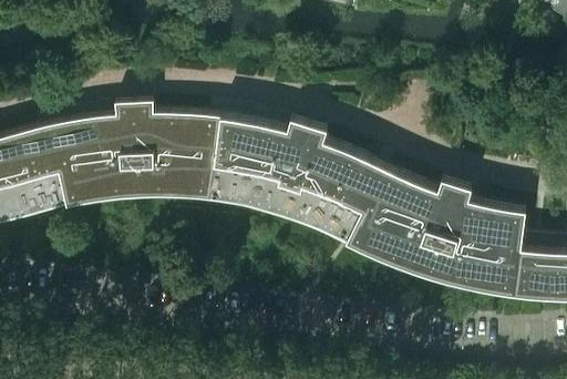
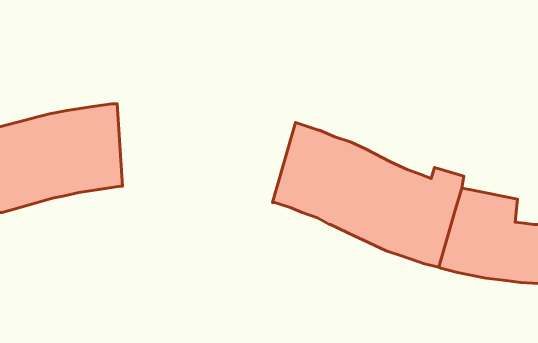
building: [120,112,300,214] -> none

